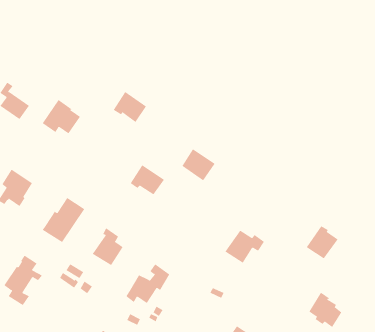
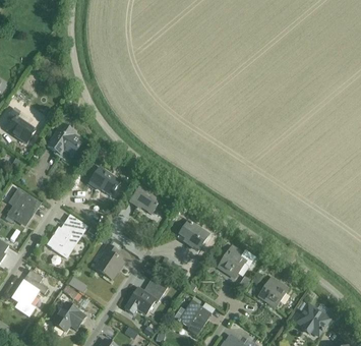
building: [113,91,147,123] -> [88,166,120,195]
building: [182,148,215,181] -> [178,220,209,250]
building: [306,225,338,259] -> [257,276,288,307]
building: none -> [174,294,212,336]
building: none -> [51,302,86,336]

